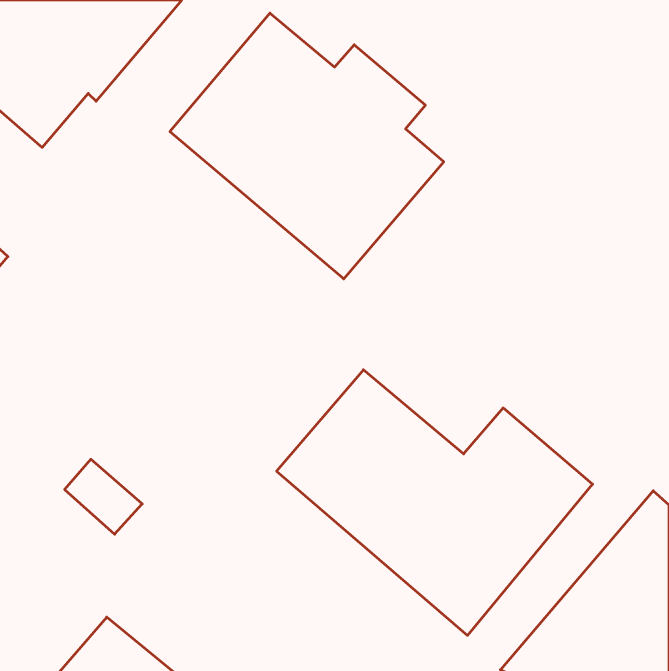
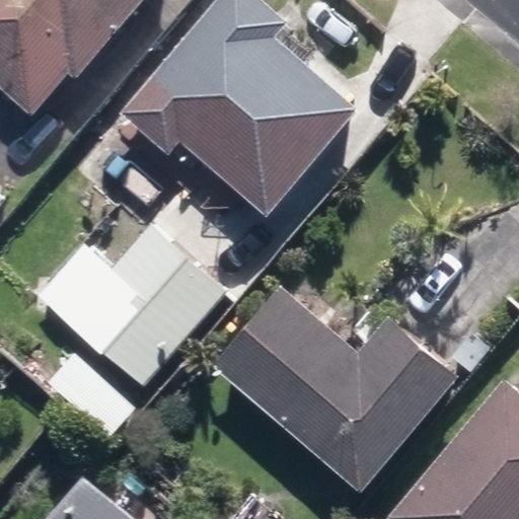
building: none -> [66,223,225,386]

